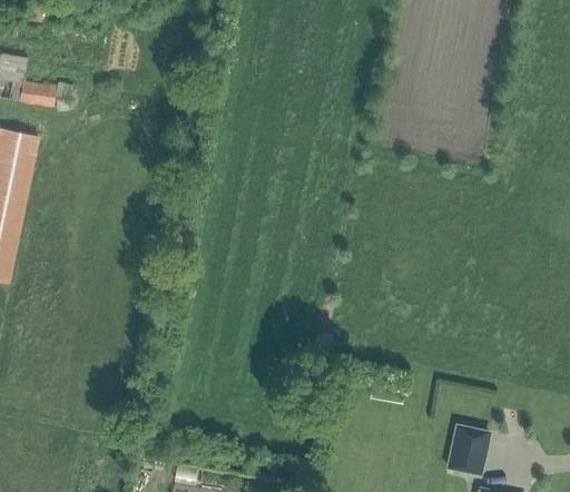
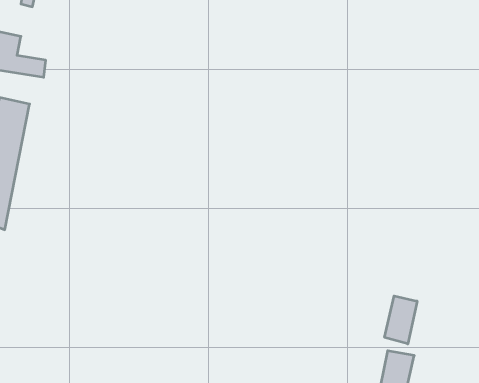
building: none -> [385,296,417,344]

